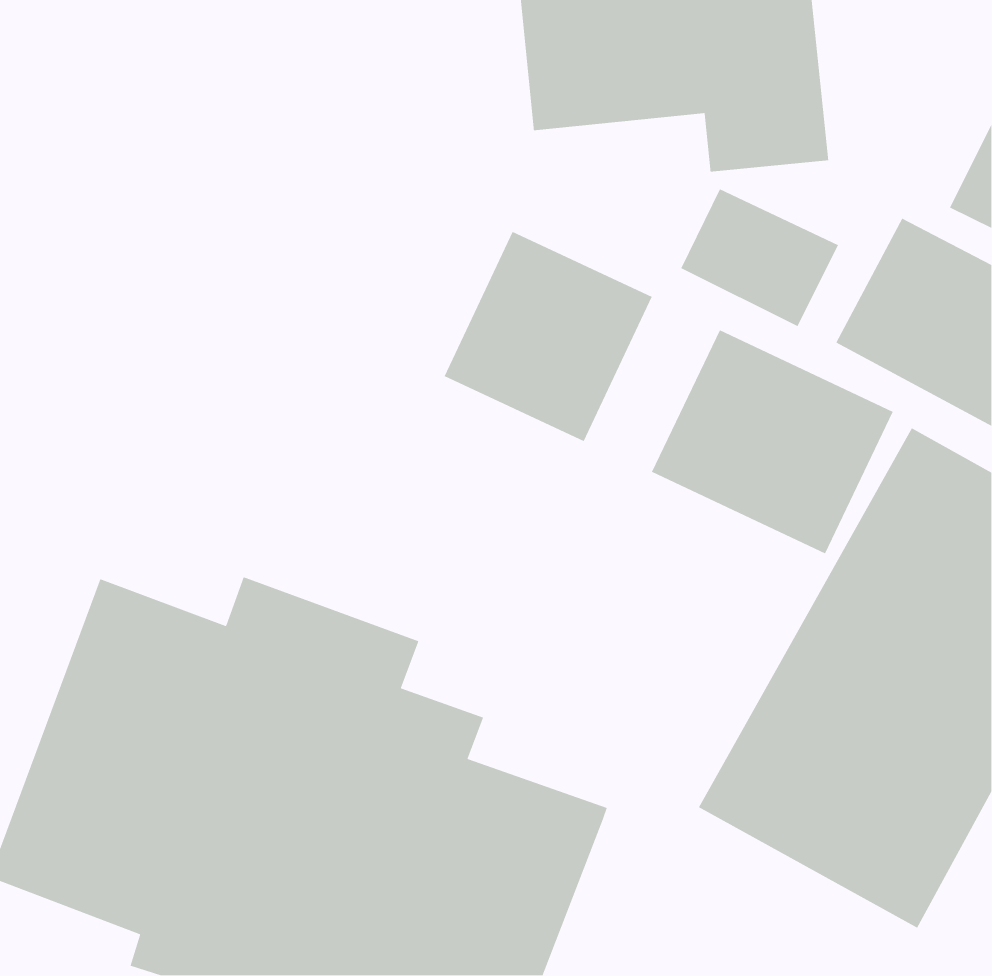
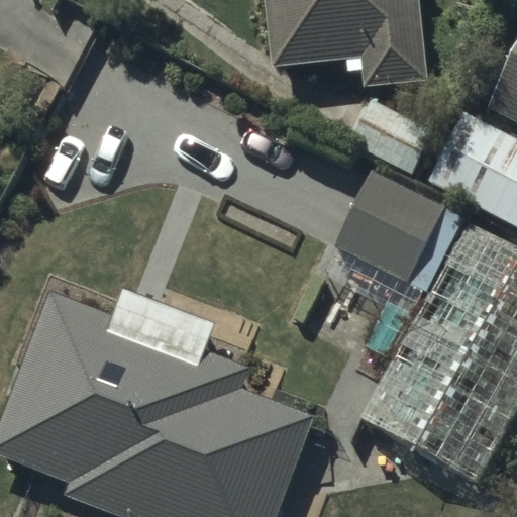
building: [443,231,653,442] -> none

